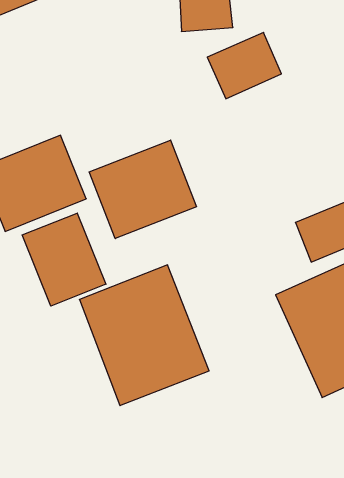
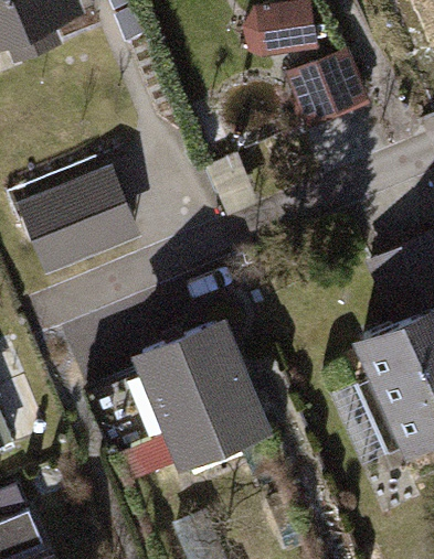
building: [89,140,197,239] -> none
building: [22,213,106,306] -> none

